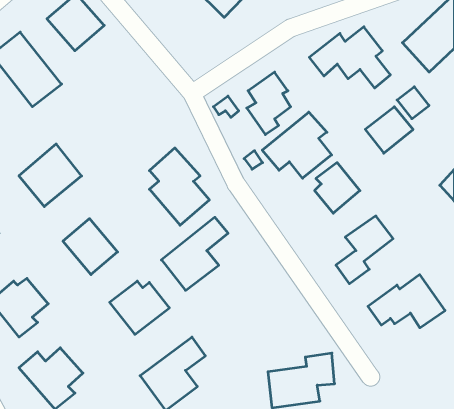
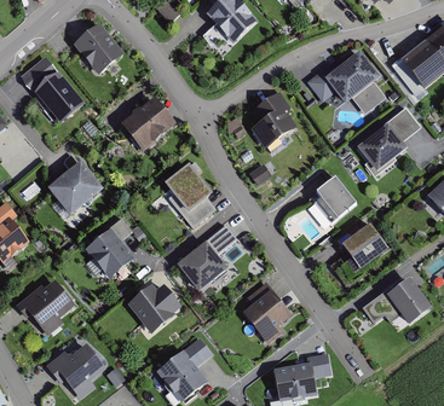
building: none -> [117,97,175,153]
building: [262,112,332,178] -> none
building: none -> [242,283,292,344]

